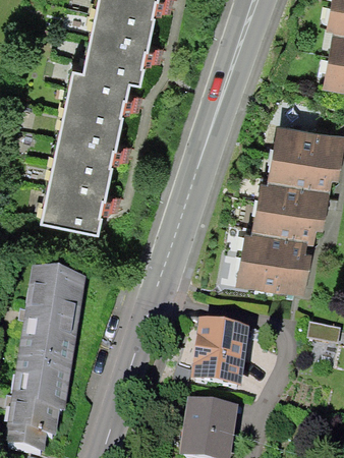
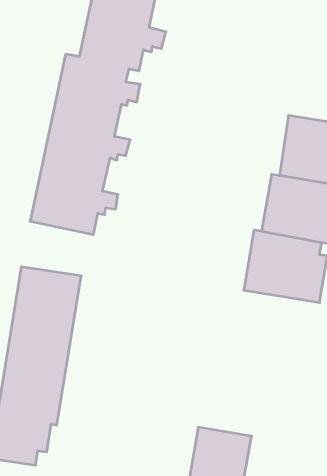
building: [190,317,249,382] -> none

